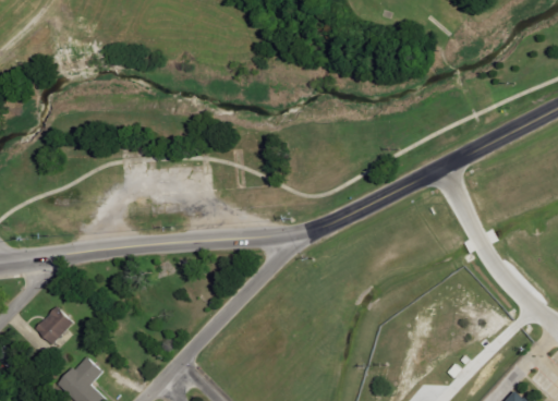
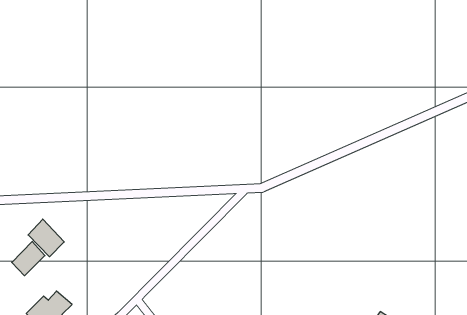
building: none -> [28,219,64,257]

